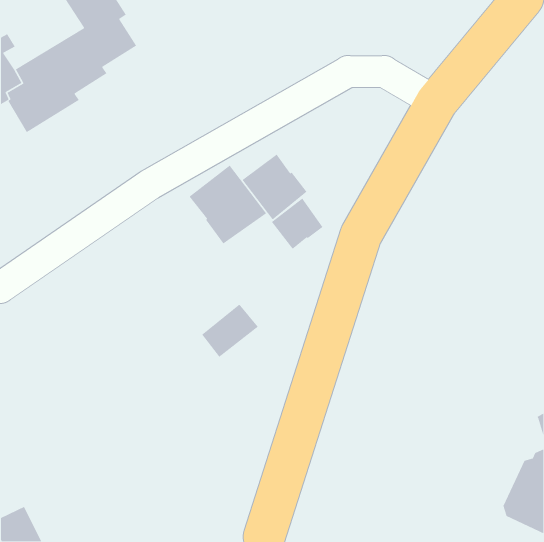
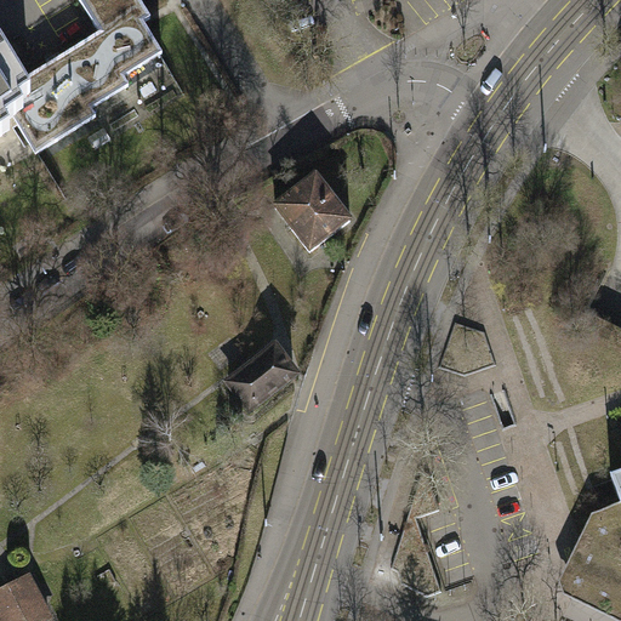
building: [188,165,267,245] -> none
building: [271,198,324,250] -> none

